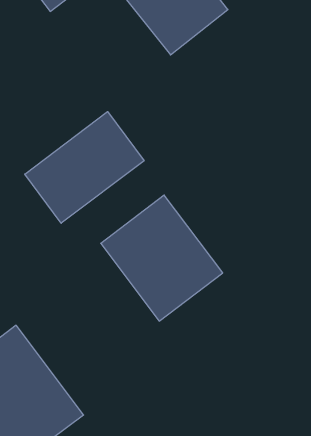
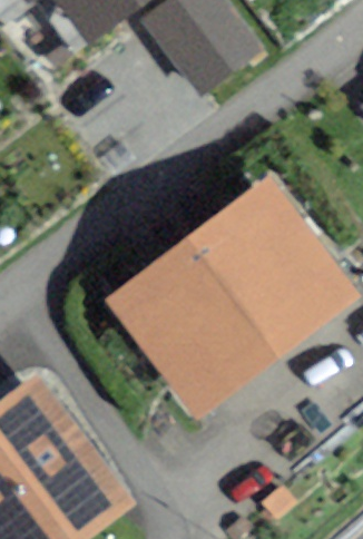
building: [25,112,144,223] -> none
building: none -> [196,199,331,339]

